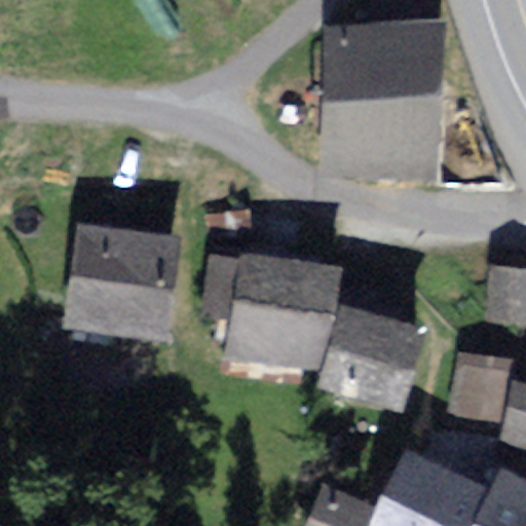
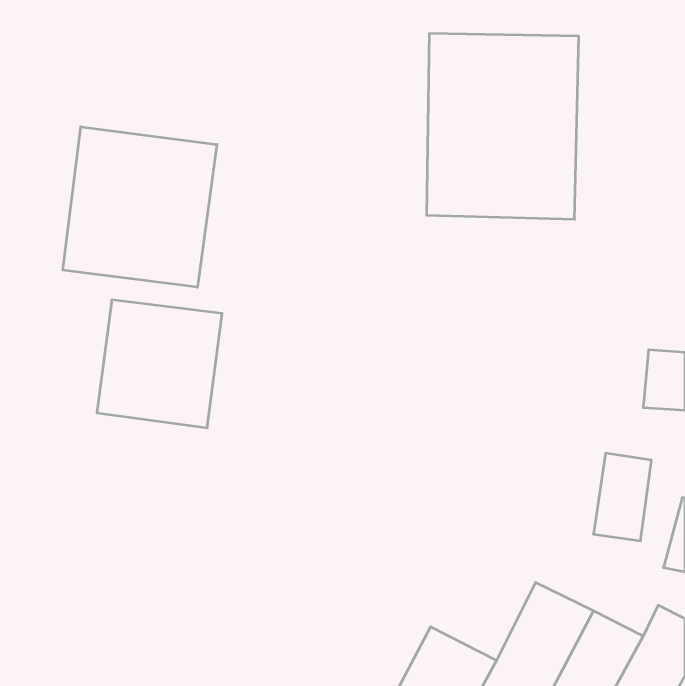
building: none -> [63,127,217,287]
building: [206,254,332,362] -> none
building: [323,304,421,402] -> none

